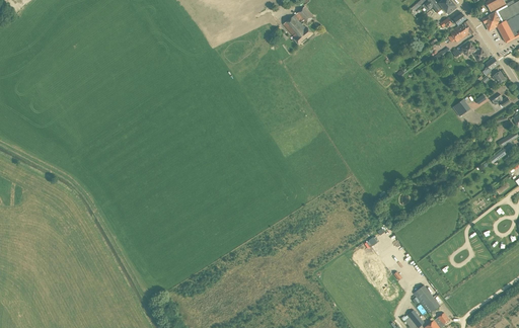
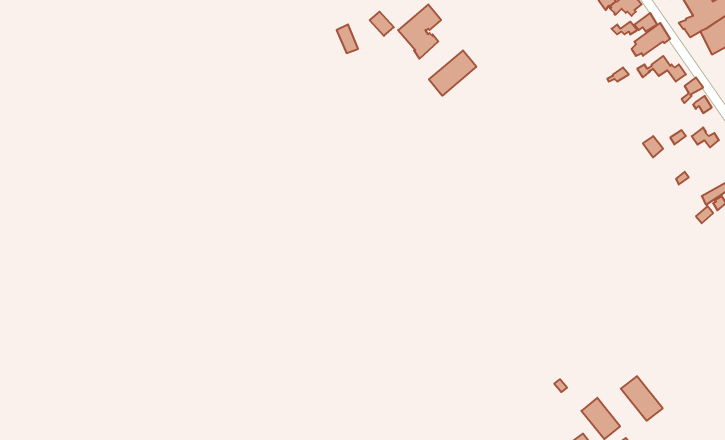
building: none -> [429,50,476,96]
building: none -> [621,376,663,421]

